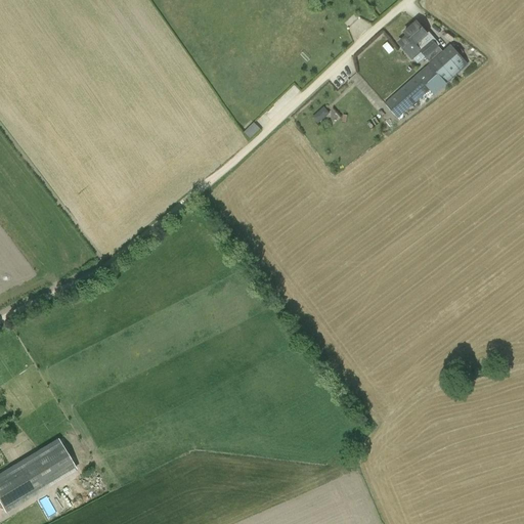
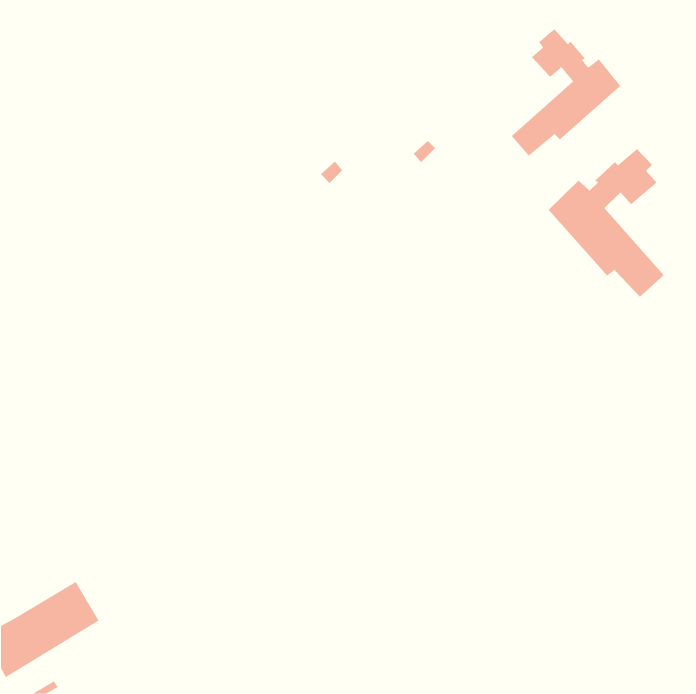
building: none -> [548,148,665,298]

